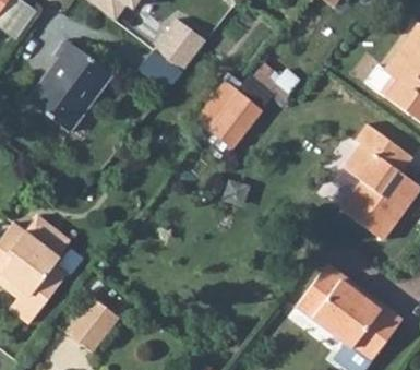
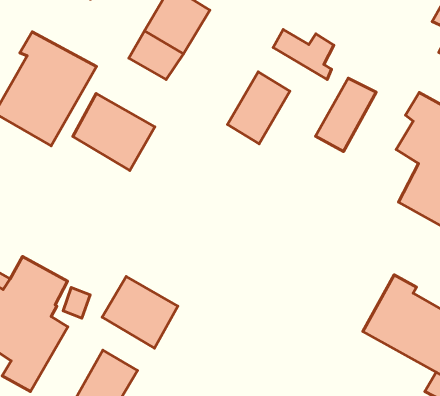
building: none -> [73,93,155,170]
building: none -> [315,78,376,151]
building: none -> [102,276,178,348]

